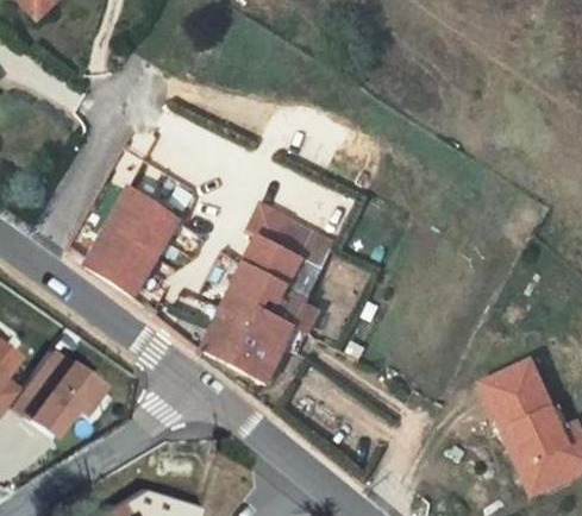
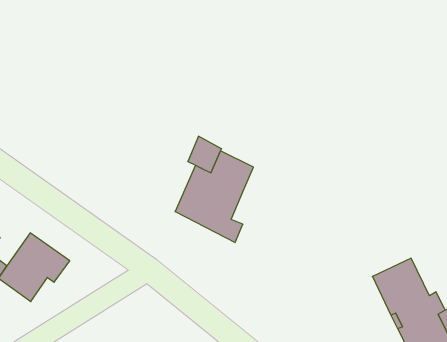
building: [96,197,181,310] -> none
building: [207,307,305,392] -> none

